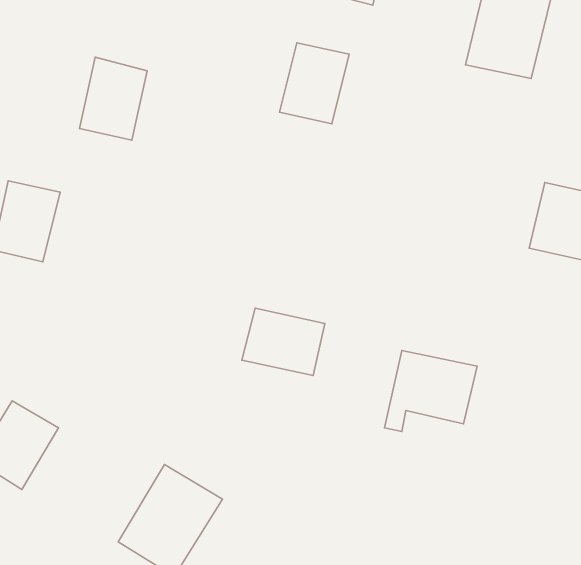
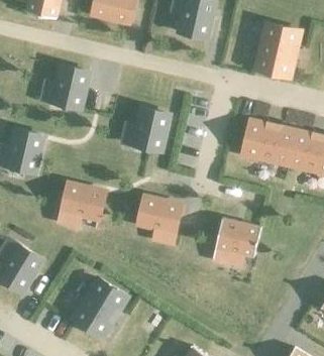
building: [280,43,349,124] -> [132,110,169,152]
building: none -> [242,121,296,165]
building: none -> [61,184,104,219]

